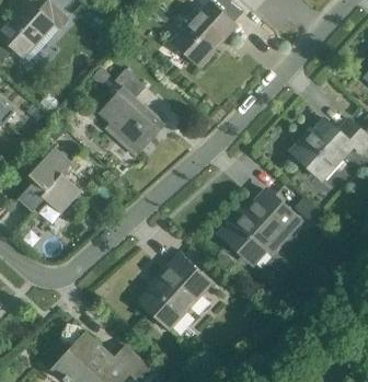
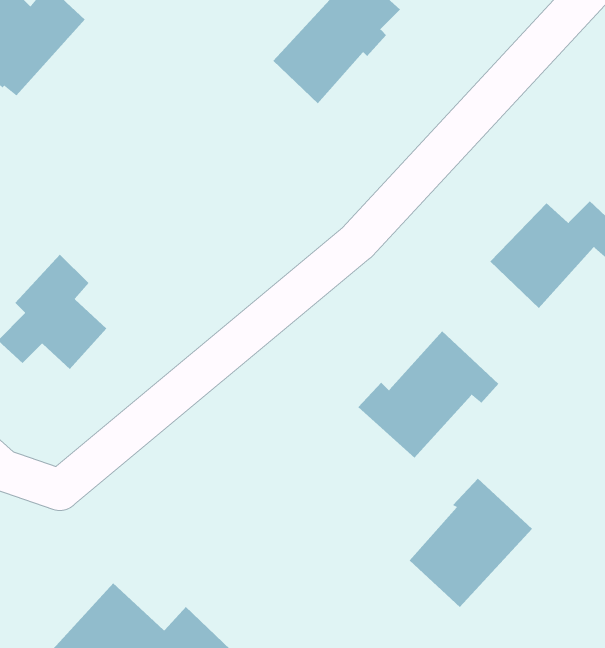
building: [100,71,163,157] -> none
building: [139,254,208,326] -> [409,478,533,608]

